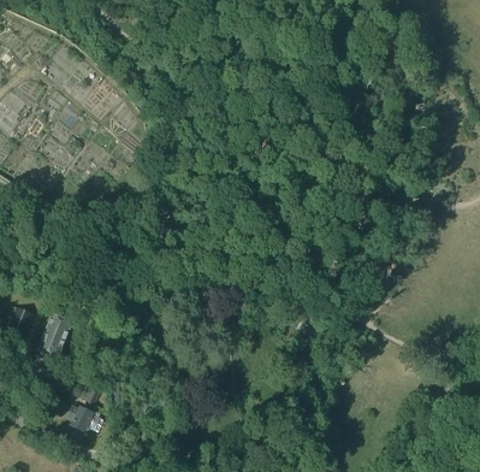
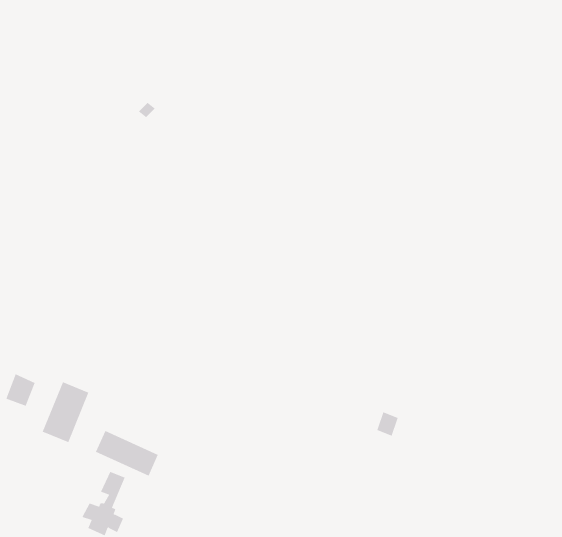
building: none -> [95,430,159,476]

